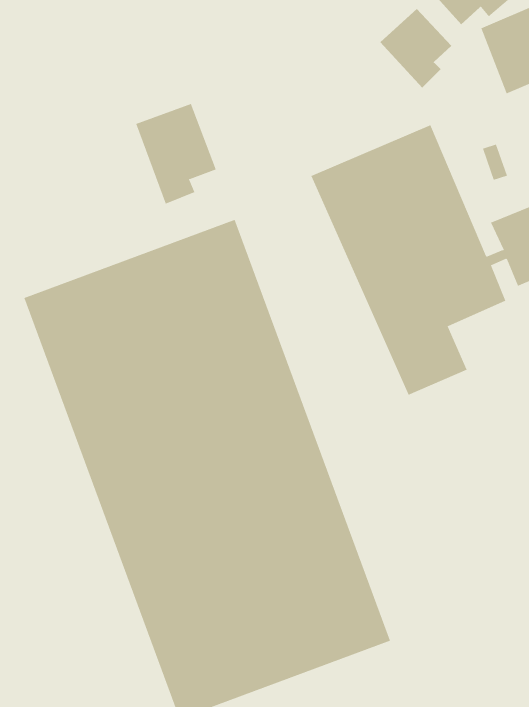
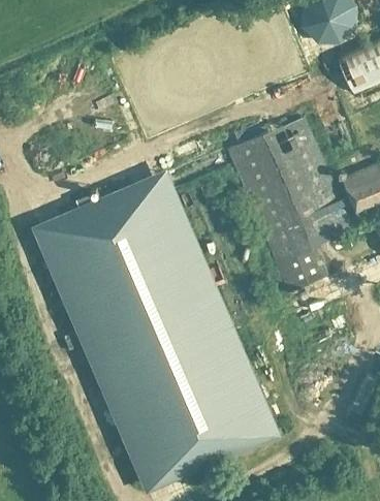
building: [380,8,452,88] -> none
building: [136,103,216,205] -> none

